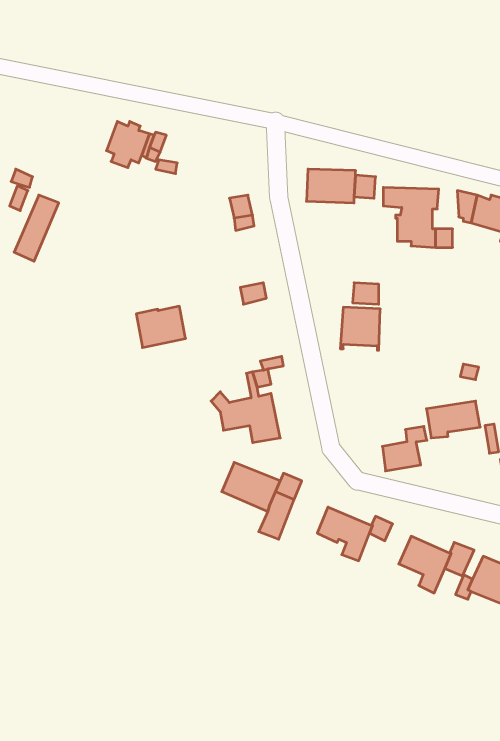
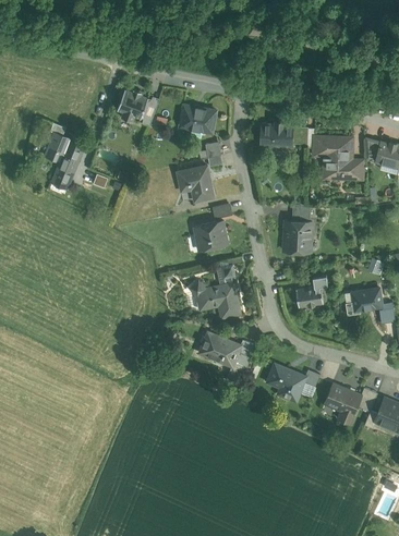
building: none -> [180,105,216,136]
building: none -> [178,166,214,200]
building: [136,306,186,348] -> [194,221,229,251]
building: [382,426,427,471] -> [297,276,328,307]

